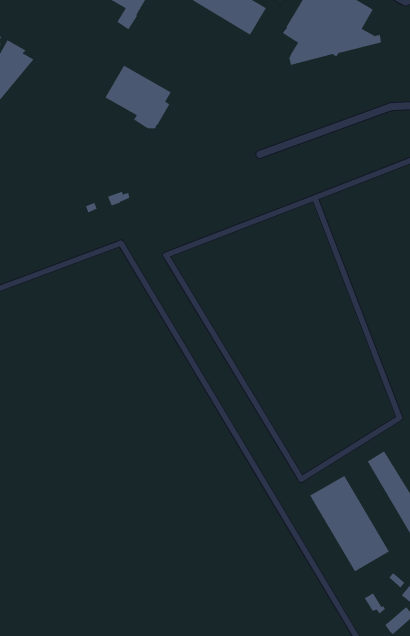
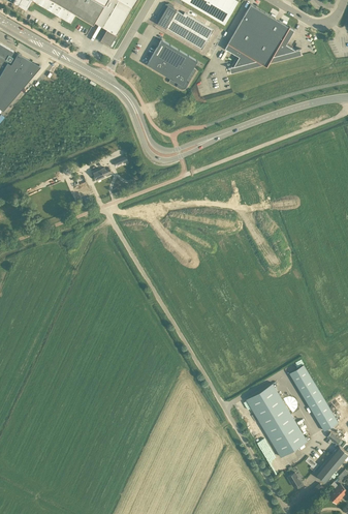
building: [105,65,171,129] -> [147,39,197,88]

